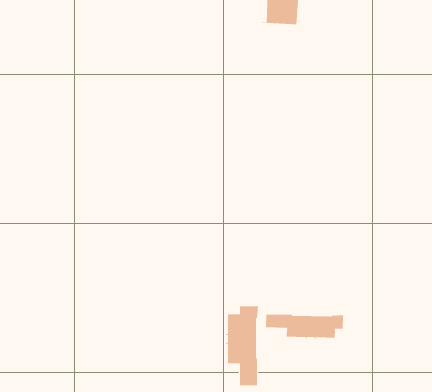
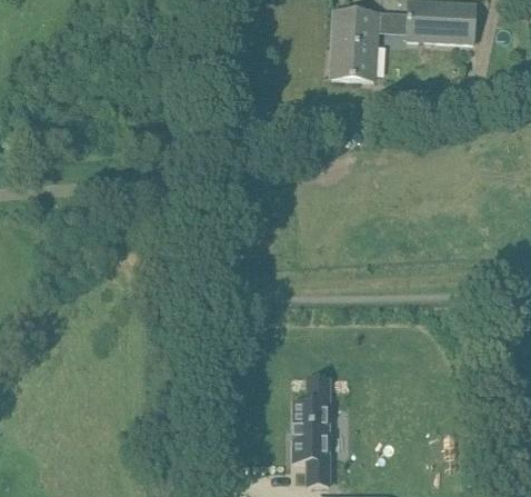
building: [265,314,344,339] -> none

